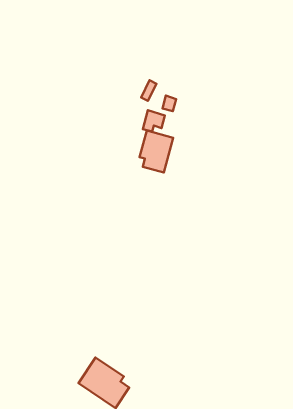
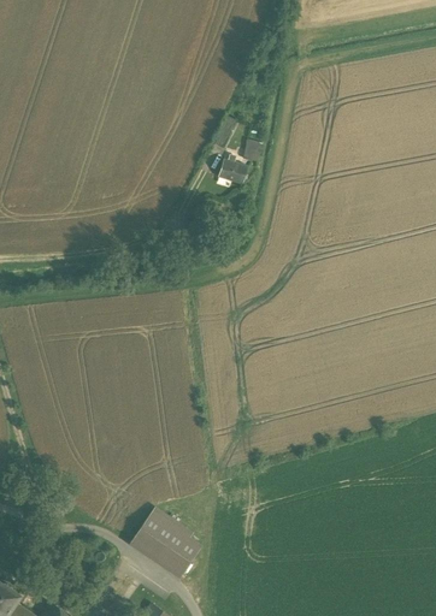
building: [139,131,173,173] -> none

